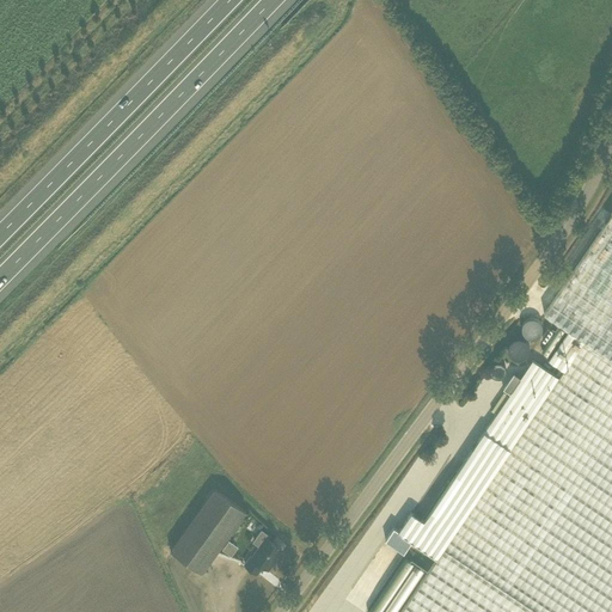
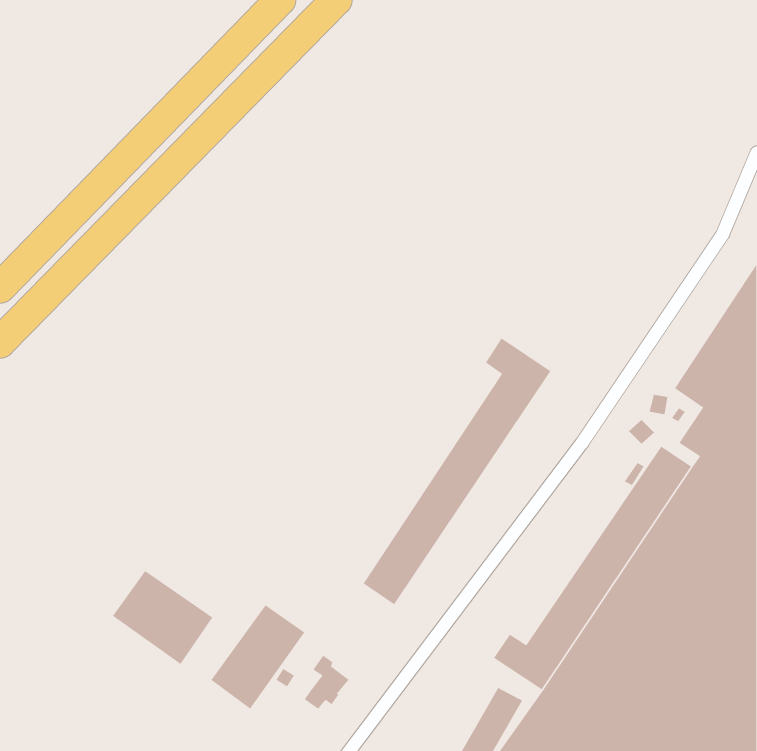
building: none -> [363,337,551,605]
building: none -> [112,570,213,665]

